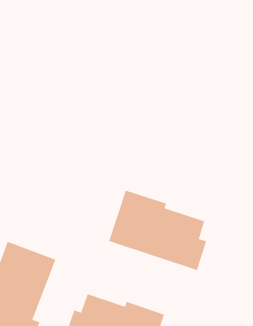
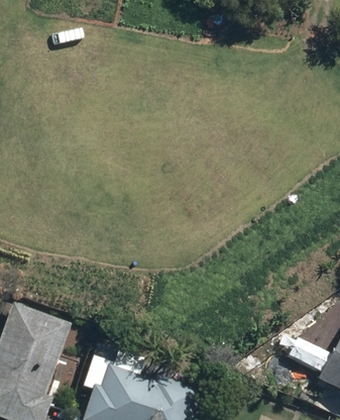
building: [109,190,207,271] -> none

